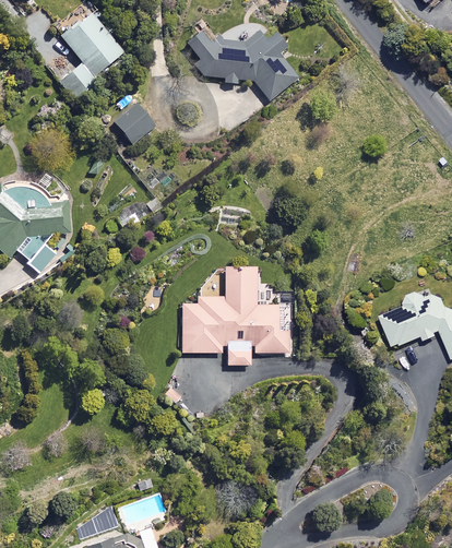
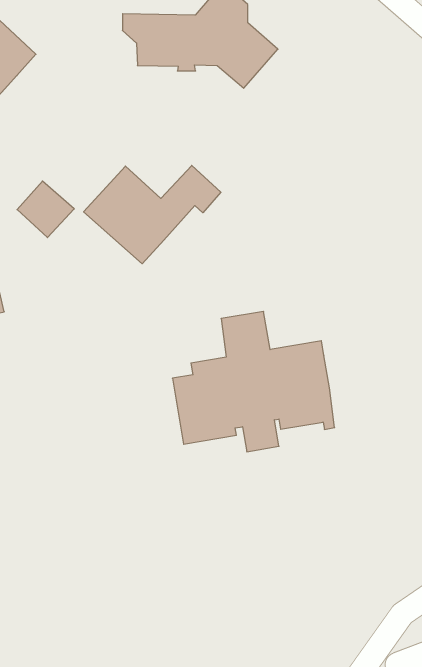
building: [114,104,155,145] -> [17,181,74,238]
building: none -> [84,165,221,264]

